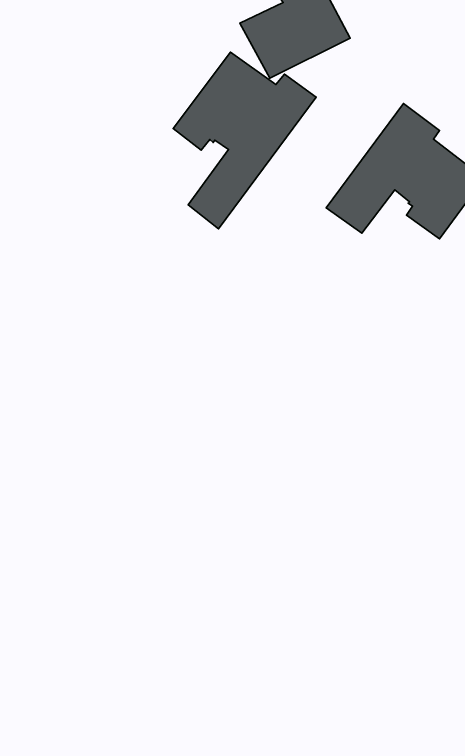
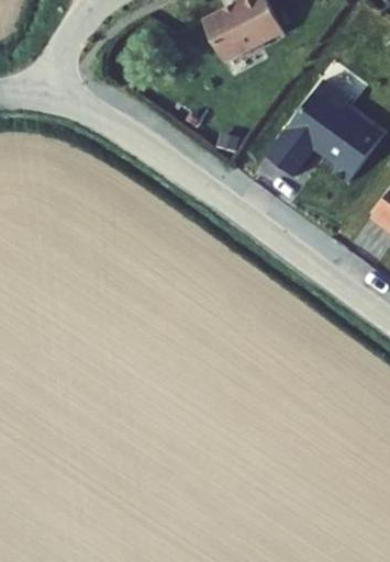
building: [173,52,316,229] -> none

